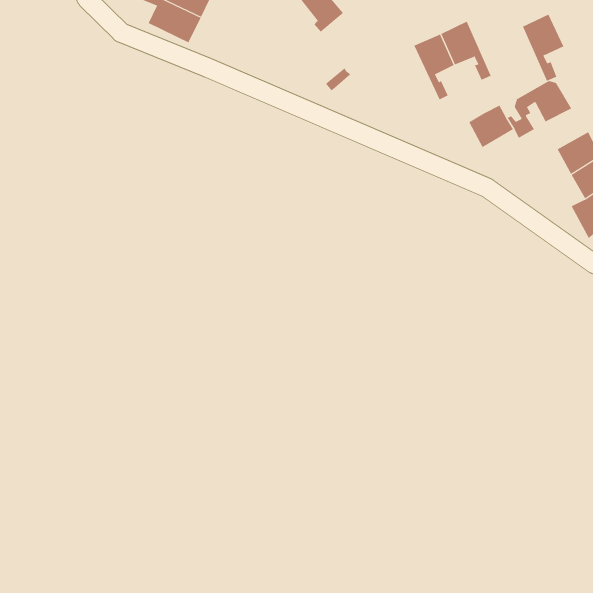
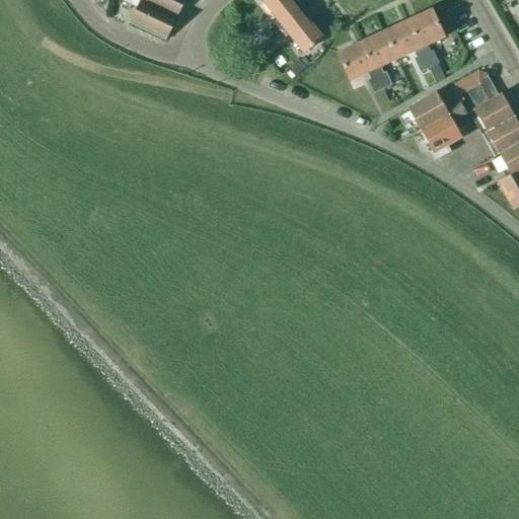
building: none -> [281,11,323,51]
building: [522,14,564,81] -> [409,7,445,66]
building: none -> [338,40,384,91]
building: none -> [474,92,514,130]
building: none -> [422,113,461,151]

